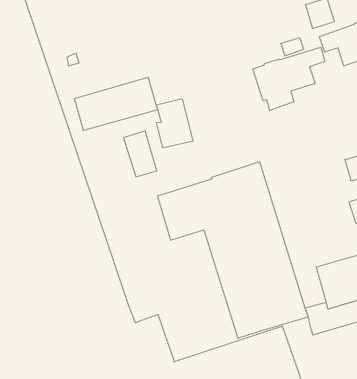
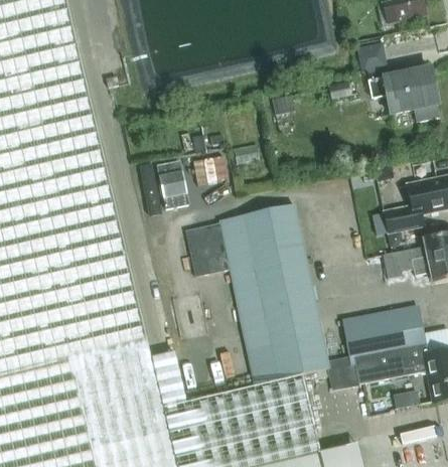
building: [253,47,325,111] -> none
building: [74,77,158,131] -> none

